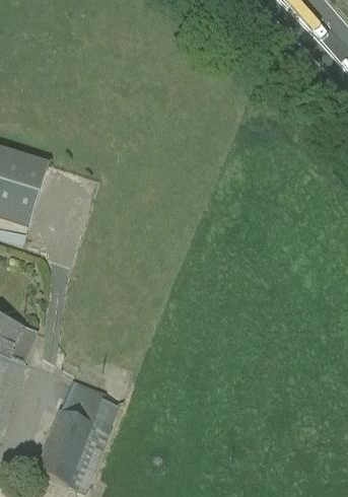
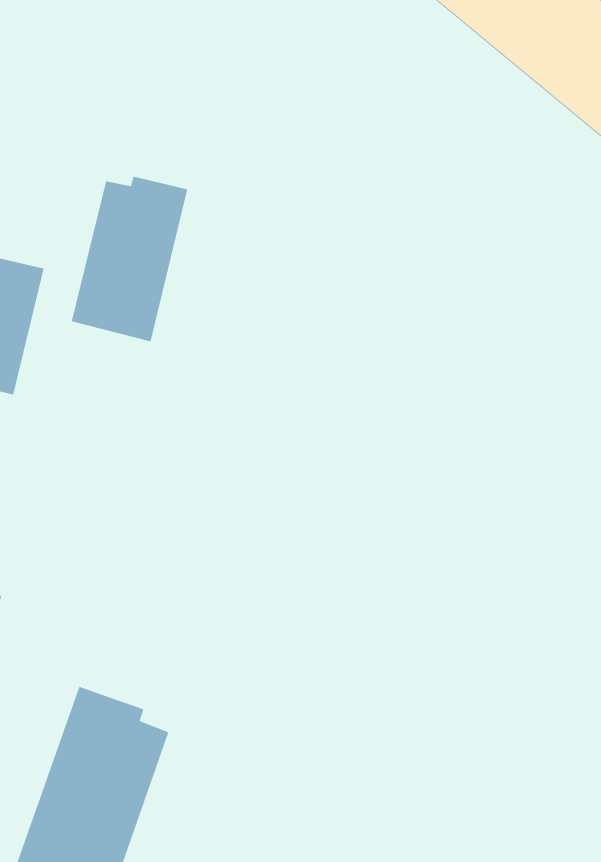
building: none -> [71,176,188,342]

